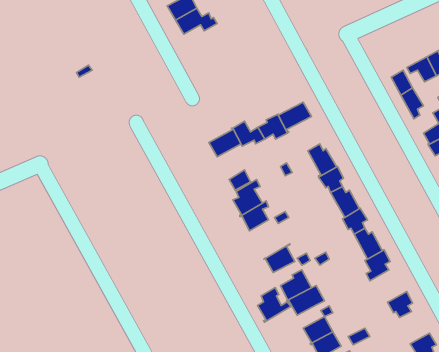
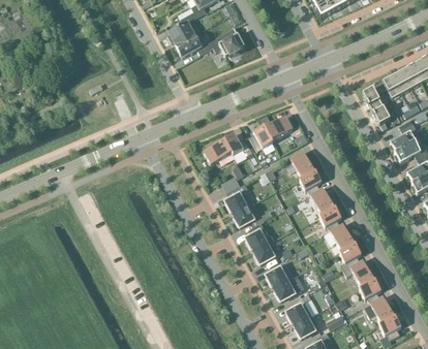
building: none -> [208,32,244,56]
building: none -> [343,261,375,288]
building: [257,288,291,322] -> [245,222,274,252]
building: none -> [363,297,395,324]

